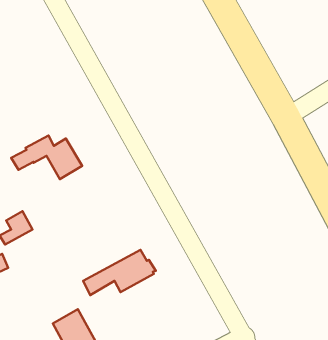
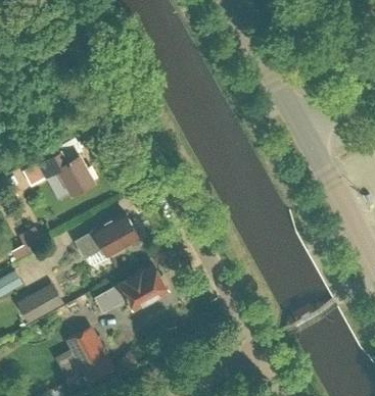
building: none -> [75,213,140,267]
building: none -> [17,292,54,326]

